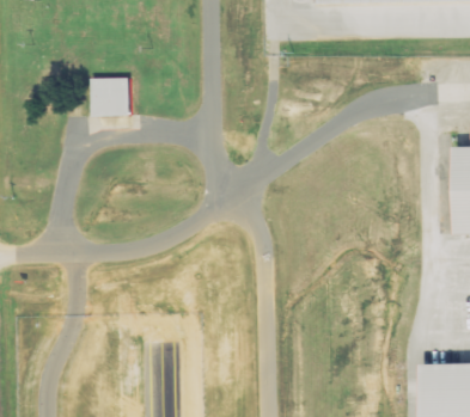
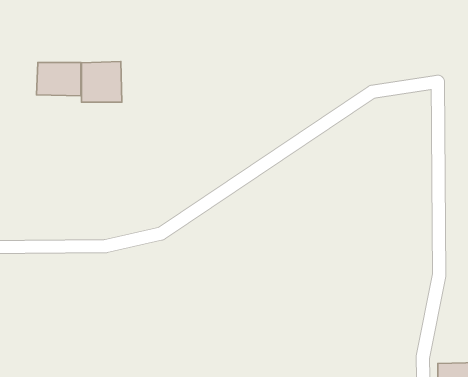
building: none -> [36,63,81,96]

